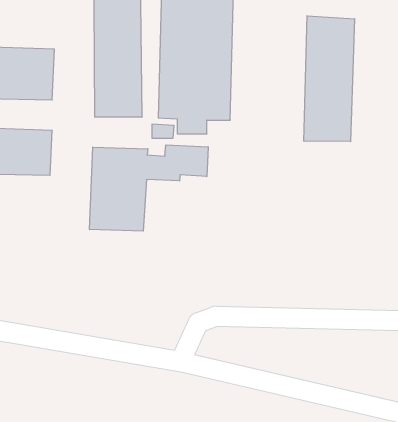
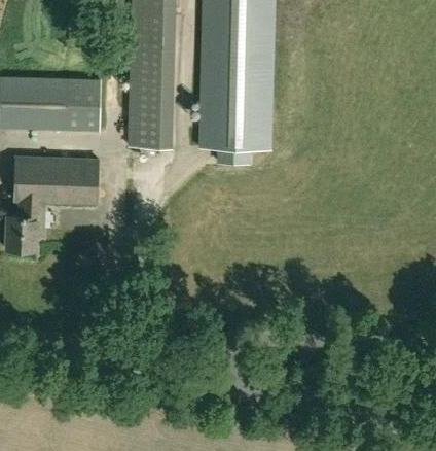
building: [304,16,355,142] -> none
building: [90,145,208,231] -> none

